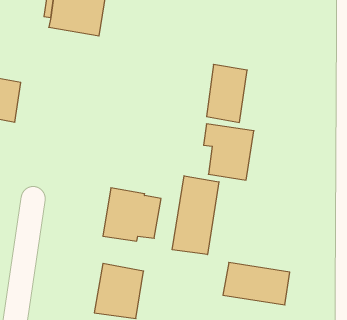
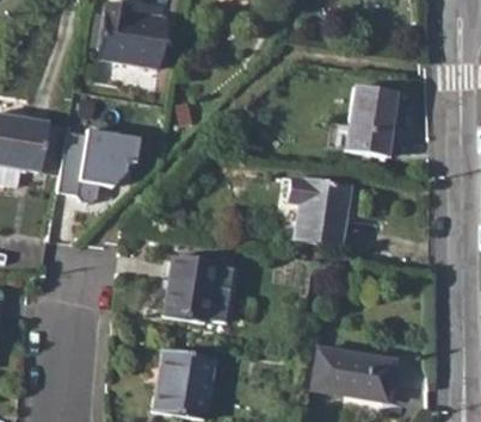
building: [207,64,247,122] -> [346,85,396,156]
building: none -> [57,129,140,201]
building: [172,176,219,255] -> none

